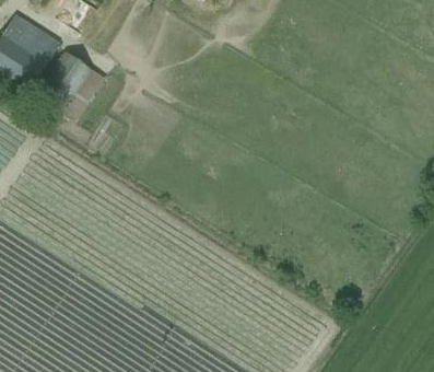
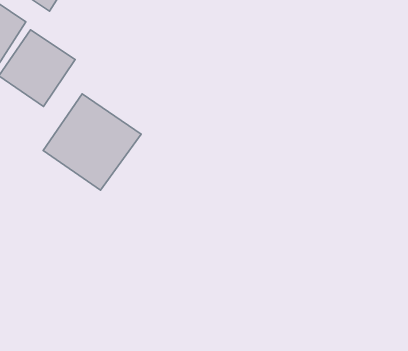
building: none -> [43,94,141,190]

